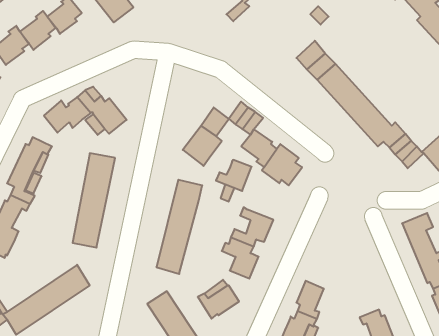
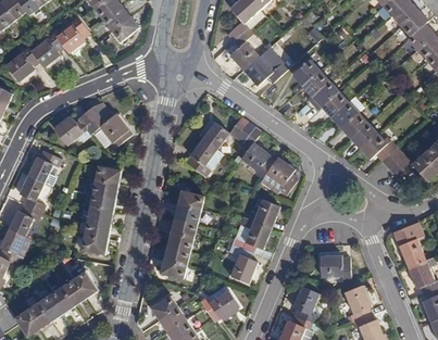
building: none -> [228,26,287,85]
building: [216,160,252,191] -> [246,199,279,228]
building: none -> [320,255,350,278]
building: none -> [343,285,371,320]

